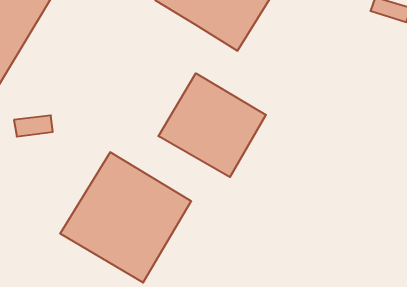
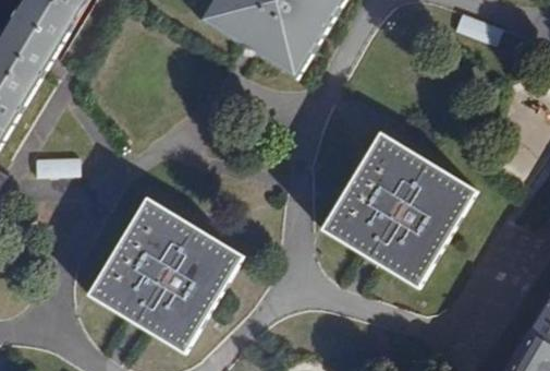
building: [158,73,266,177] -> none
building: none -> [323,135,475,287]

